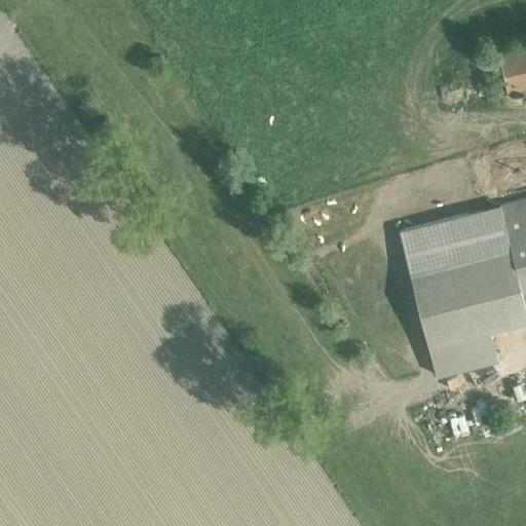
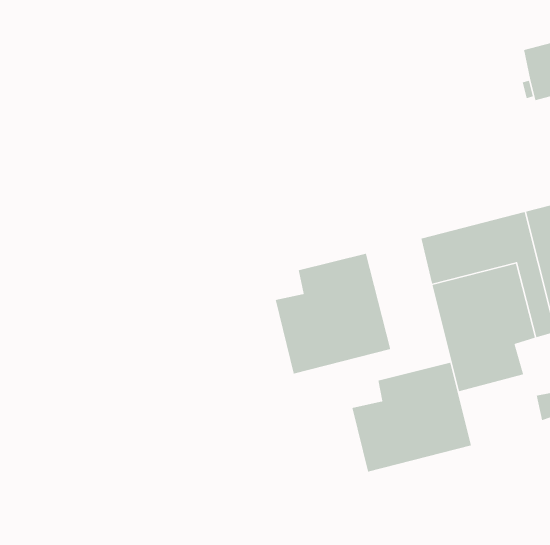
building: none -> [275,253,391,375]
building: none -> [352,362,472,472]

